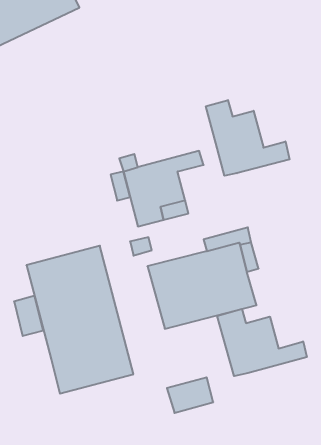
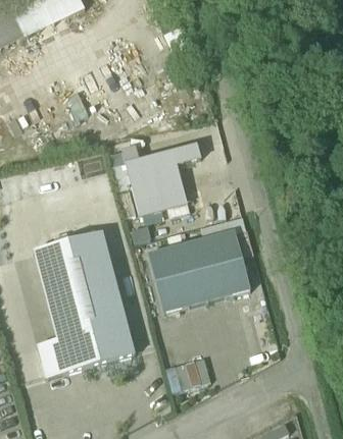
building: [206,100,290,176] -> none
building: [14,296,43,336] -> [37,339,64,377]
building: [217,309,307,376] -> none

